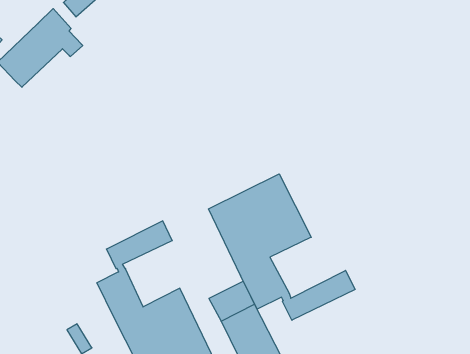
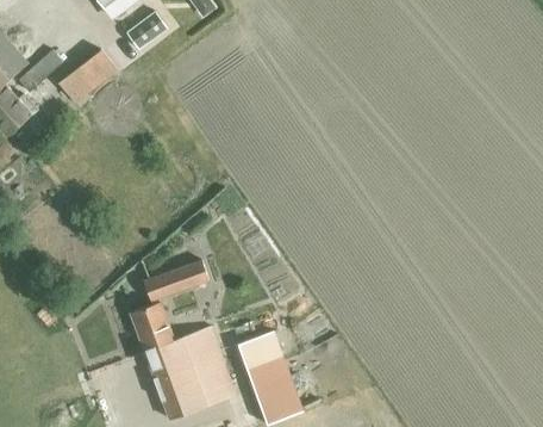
building: [208,174,355,320] -> none

